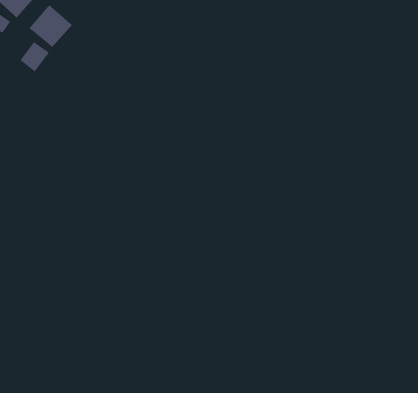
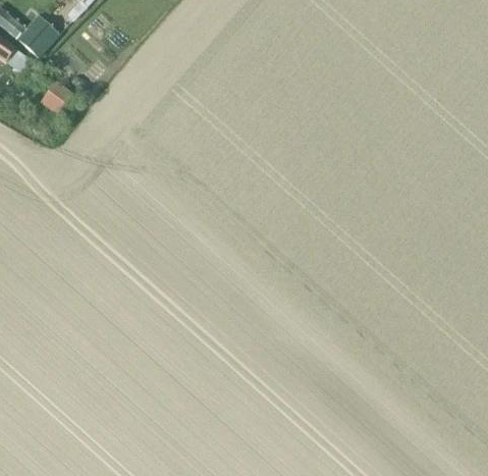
building: [29,4,73,48] -> none

